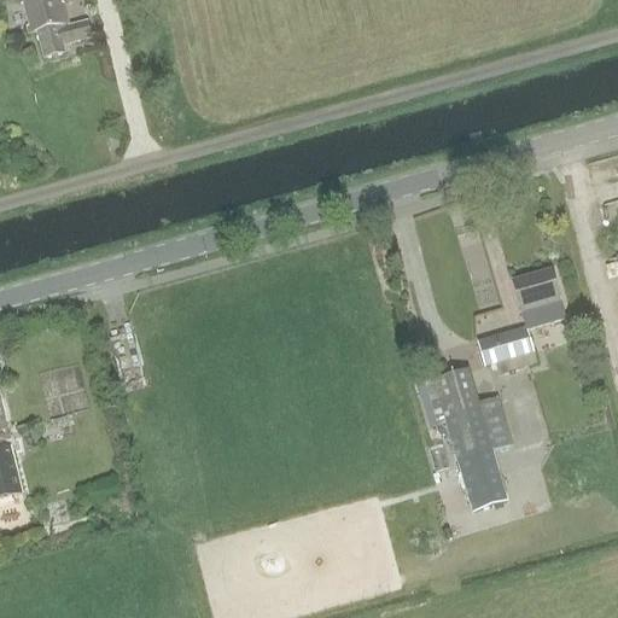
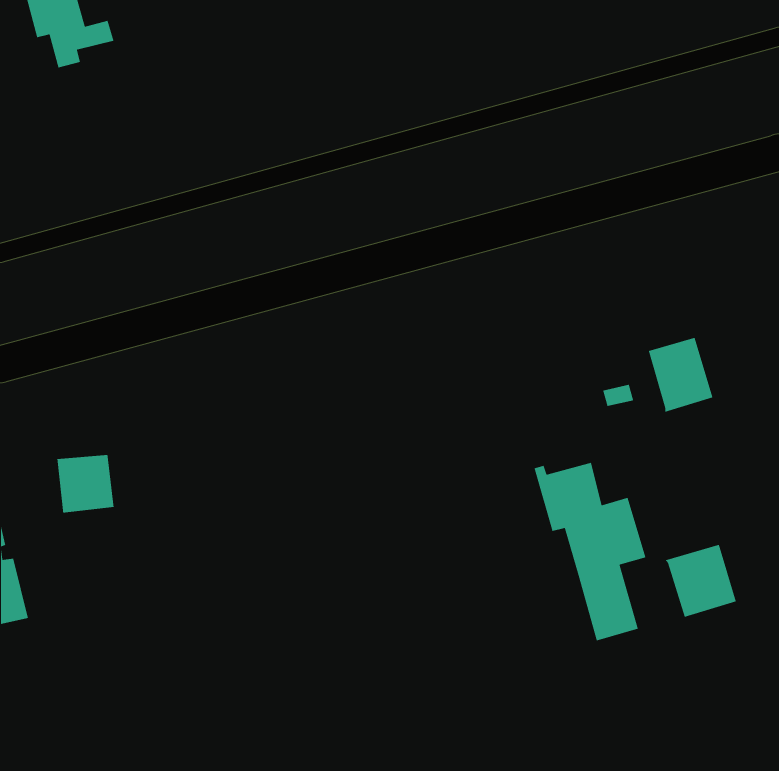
building: [478,323,536,369] -> none
building: none -> [664,544,737,618]

